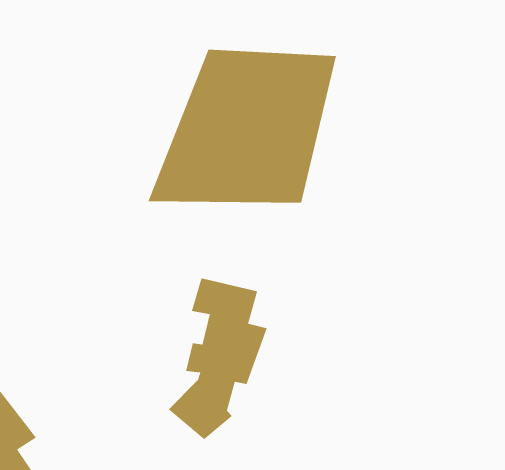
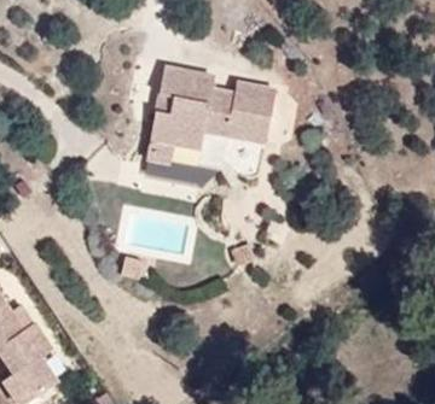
building: [168,277,267,440] -> none

